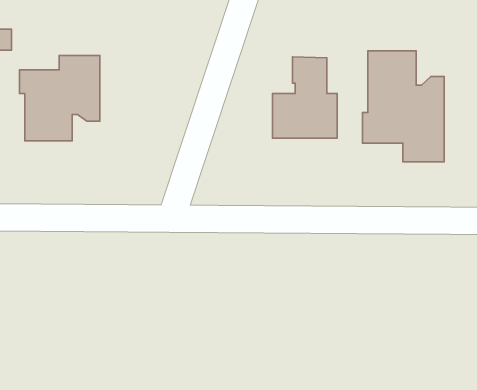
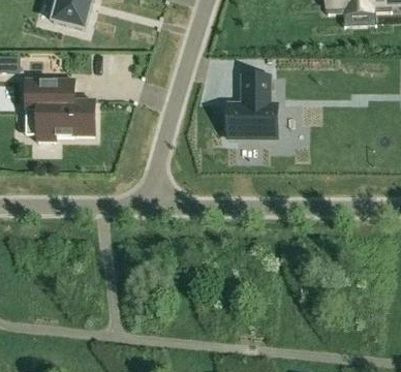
building: [362,51,444,162] -> none

